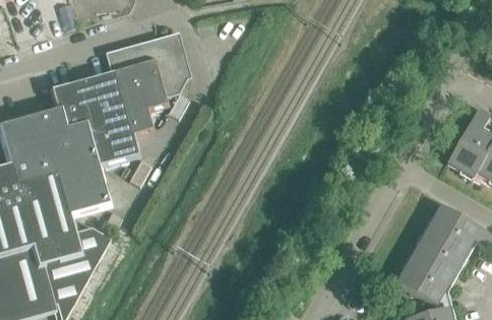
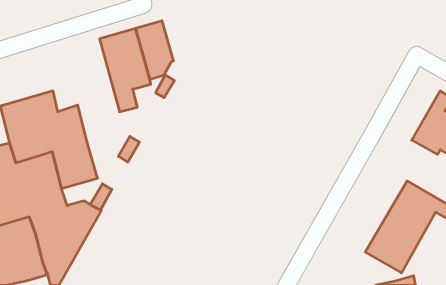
building: [54,54,135,165] -> none

